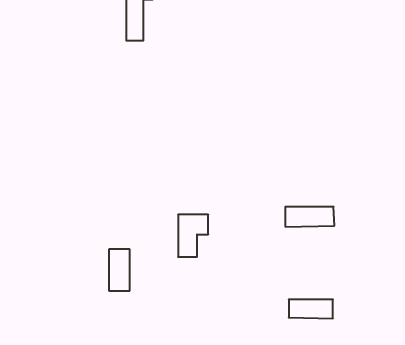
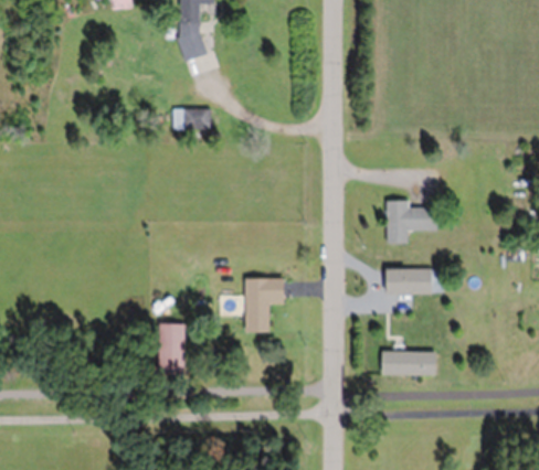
building: none -> [179,109,212,129]
building: none -> [387,201,446,244]
building: [289,299,333,318] -> [380,352,436,376]

